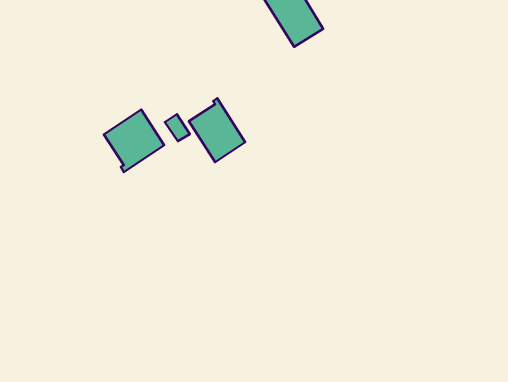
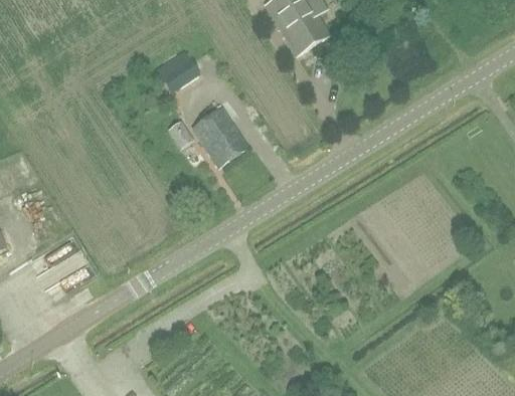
building: none -> [155,48,200,93]
building: [104,109,164,172] -> none

